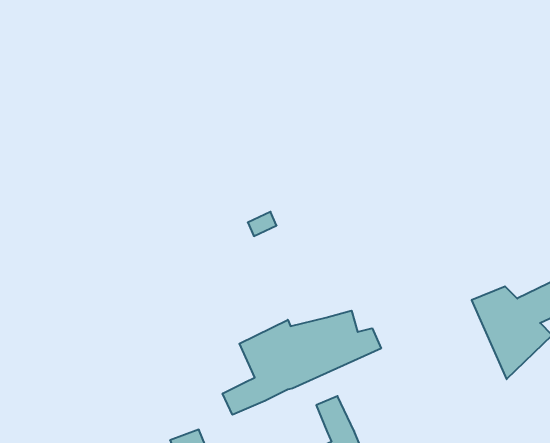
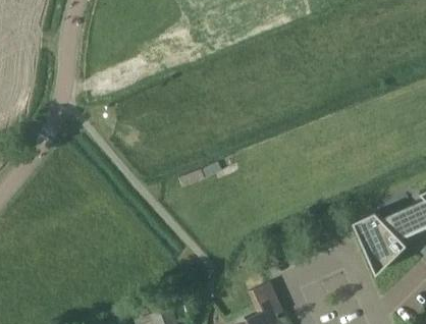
building: [223,311,381,415] -> none

